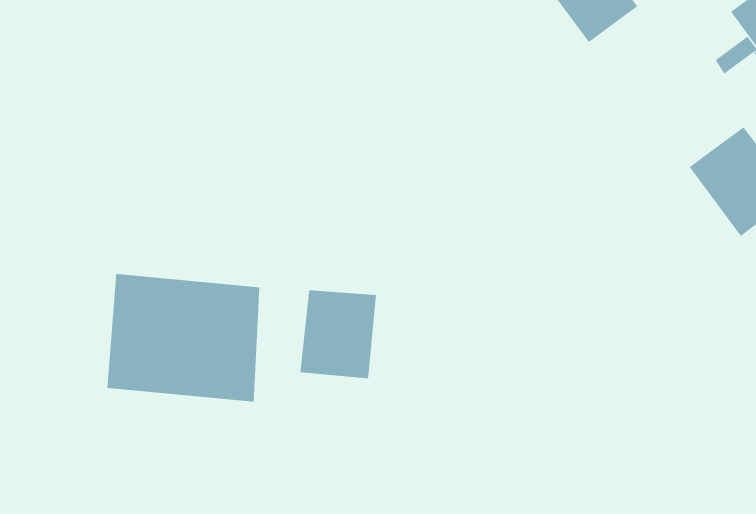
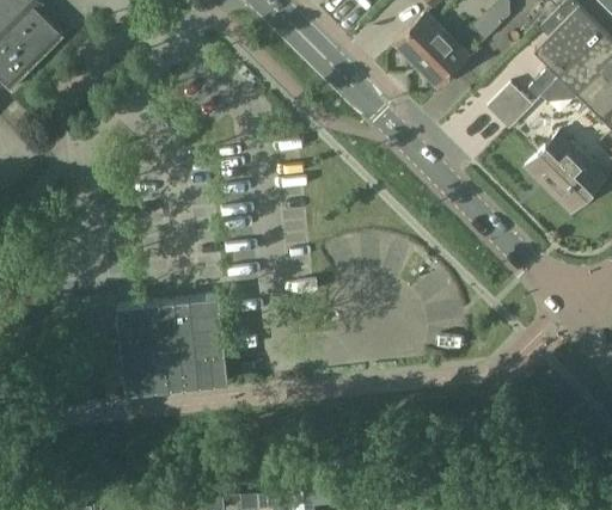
building: none -> [489,84,533,128]
building: [300,290,377,379] -> none

